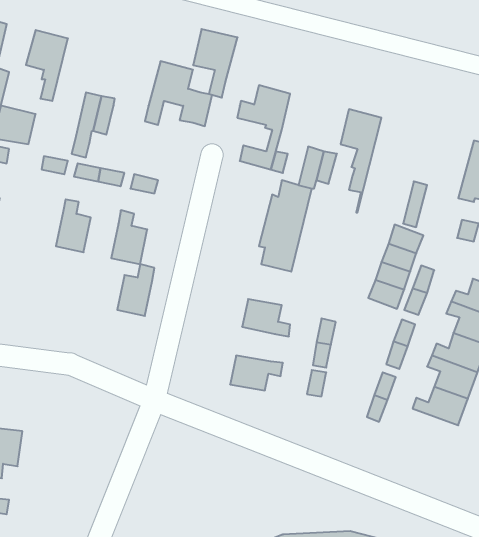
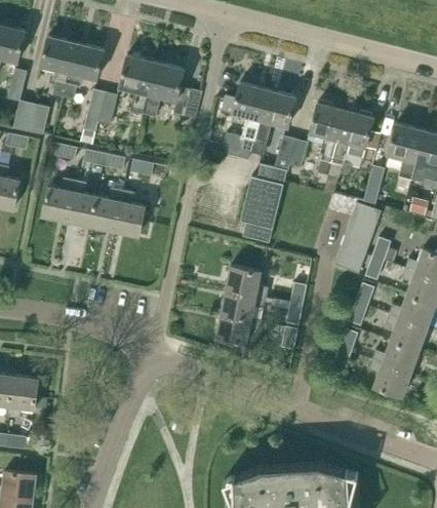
building: [193,29,238,98] -> [118,54,156,113]
building: none -> [64,42,106,99]
building: none -> [260,89,295,126]
building: none -> [324,110,380,193]
building: none -> [388,122,424,179]
building: none -> [42,177,75,220]
building: [117,264,154,316] -> [90,186,122,230]
building: none -> [221,288,266,318]
building: none -> [368,358,410,396]

